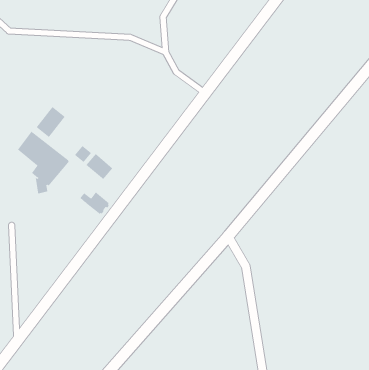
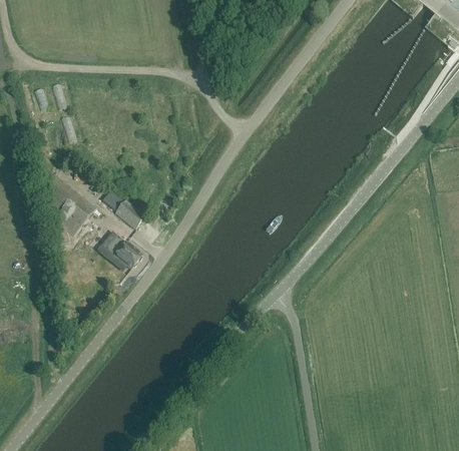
building: [36,106,66,138] -> none

